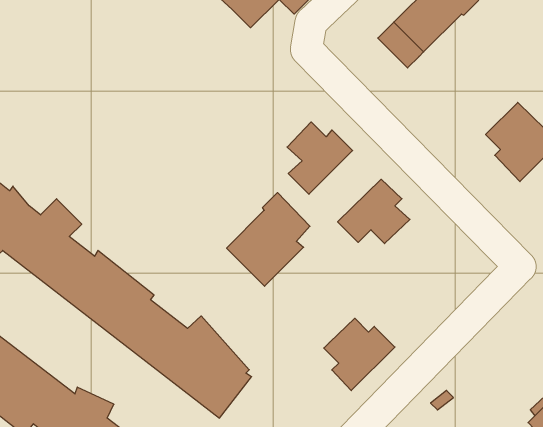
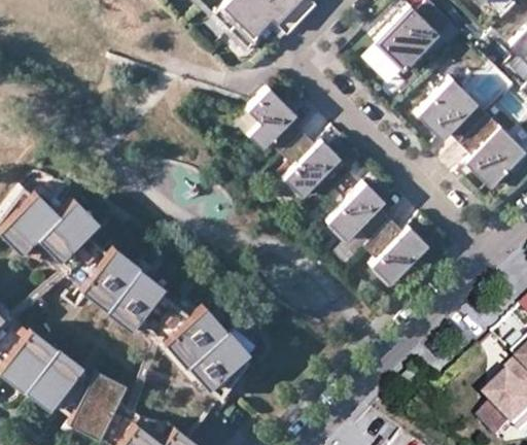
building: none -> [418,78,489,143]
building: none -> [247,88,304,155]
building: [227,193,310,286] -> none
building: [324,318,395,391] -> [364,219,428,284]

